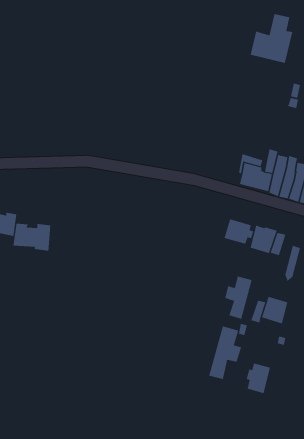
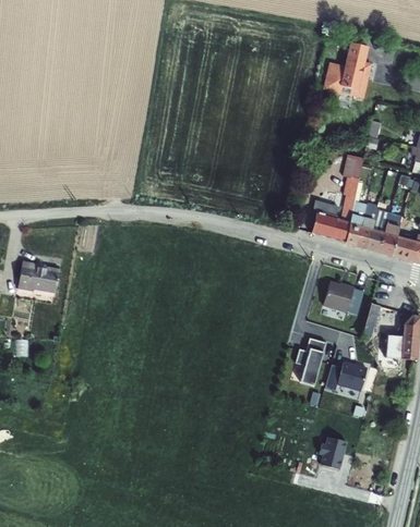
building: none -> [343,152,363,196]
building: [224,219,254,244] -> none
building: [13,223,51,252] -> none
building: [209,325,242,380] -> none

